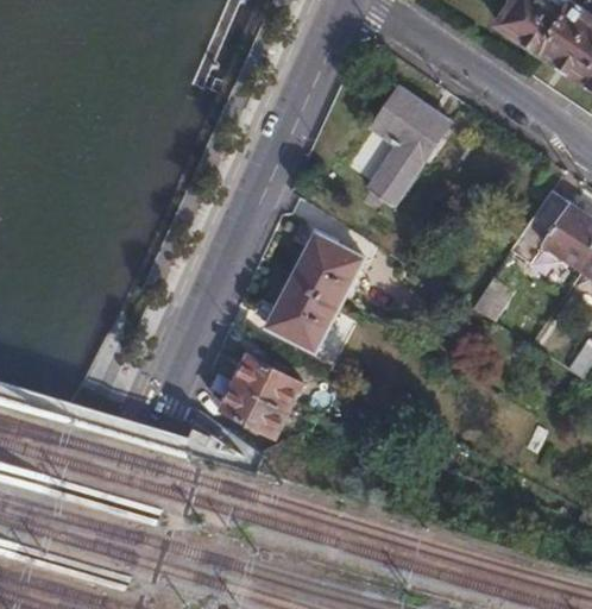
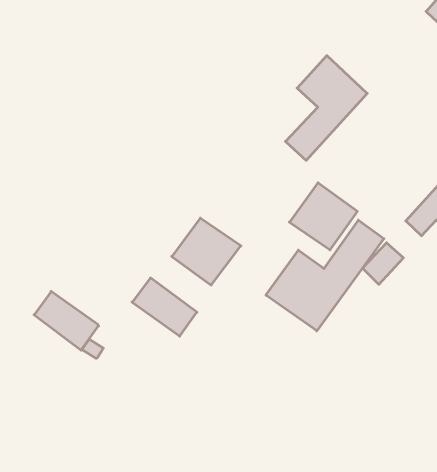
building: [292,234,363,303] -> [289,183,357,250]
building: none -> [266,220,384,331]
building: [220,381,290,438] -> [34,291,99,350]

